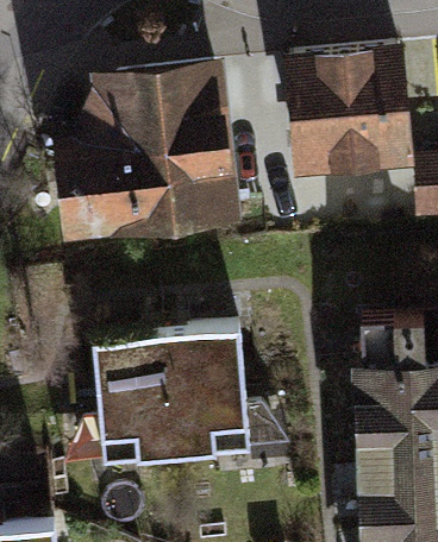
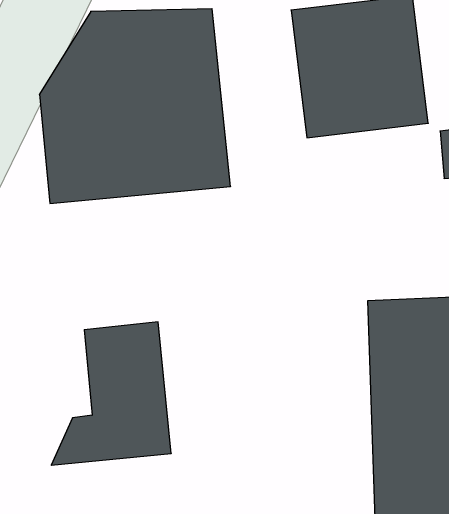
building: [167,332,289,459] -> none

